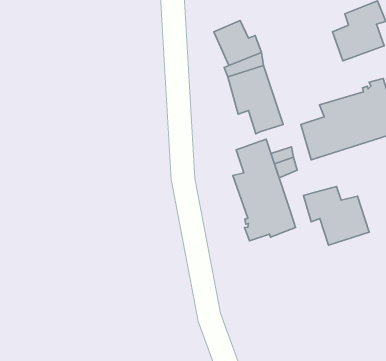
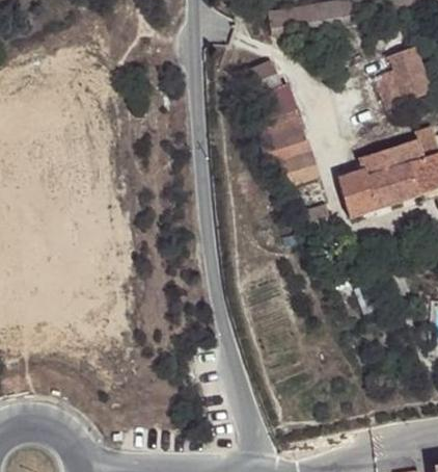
building: [233,139,295,241] -> none
building: [304,186,369,245] -> none

